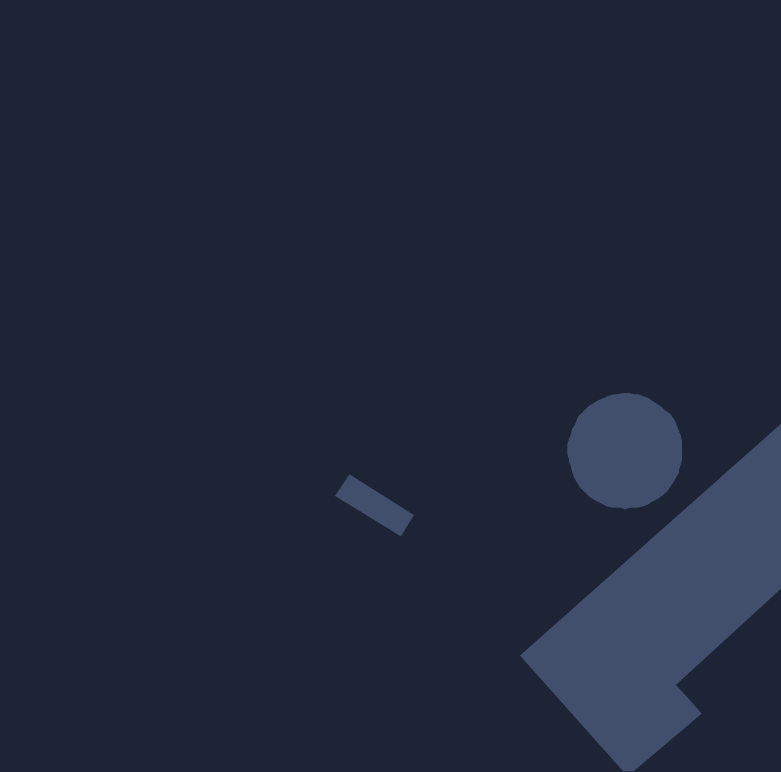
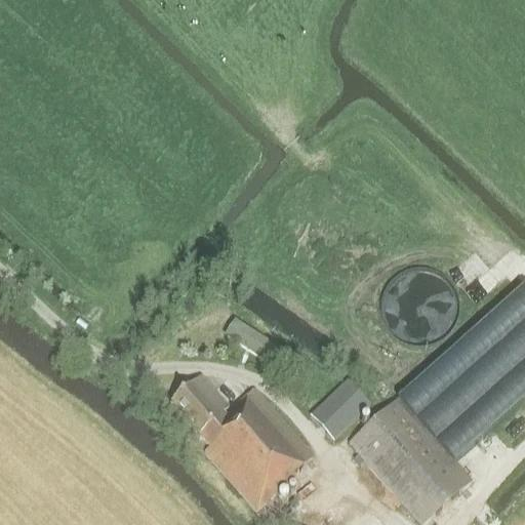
building: none -> [169,371,315,507]
building: none -> [310,377,370,438]

